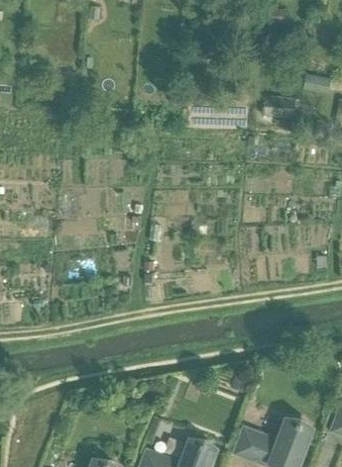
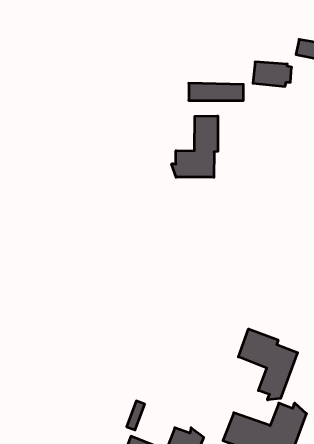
building: none -> [172,116,218,177]
building: none -> [238,329,298,400]

